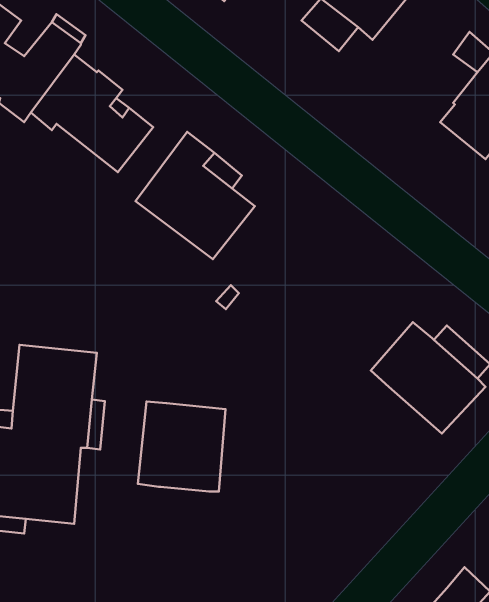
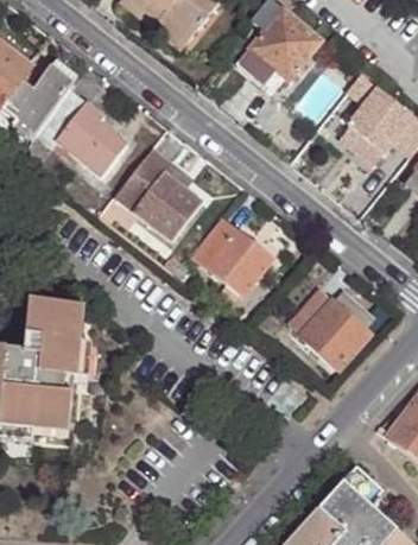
building: none -> [191,216,272,294]
building: [138,402,226,491] -> none

